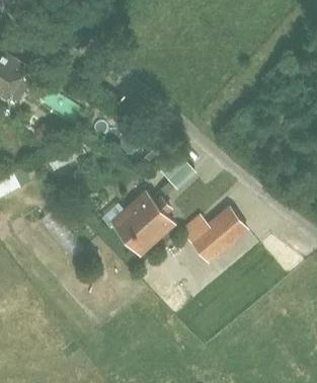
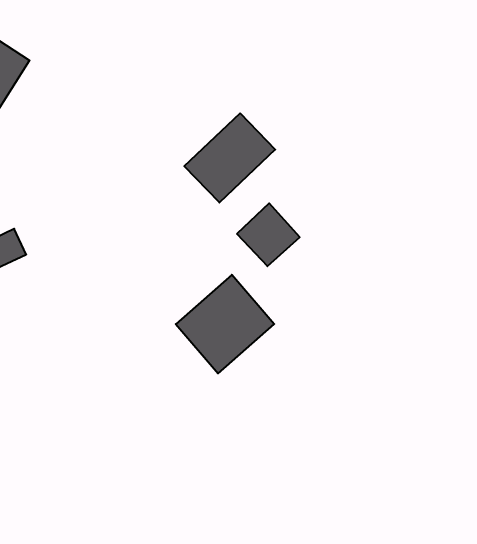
building: none -> [184,113,275,203]
building: [197,213,242,255] -> none

